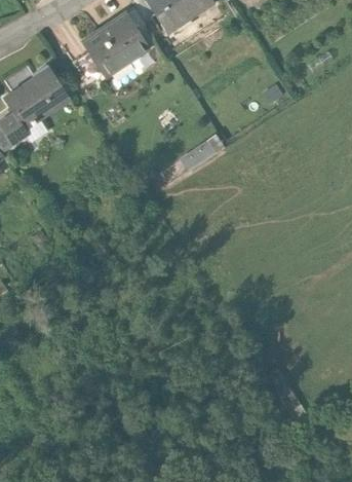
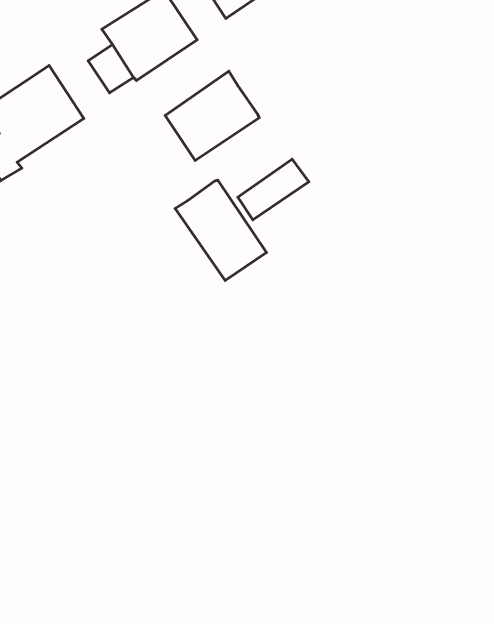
building: none -> [165,71,259,160]
building: none -> [175,180,266,280]

